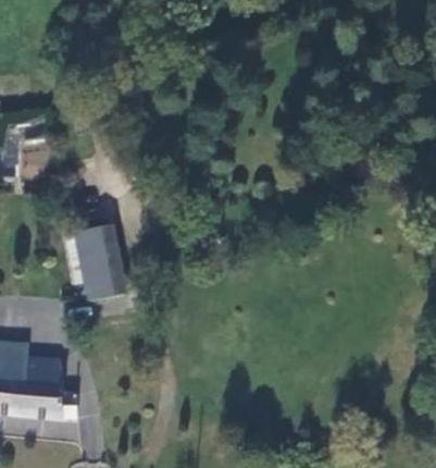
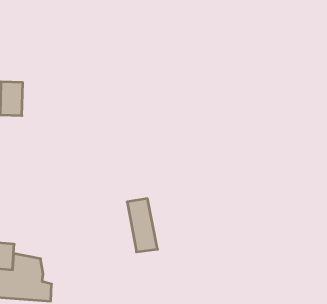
building: [70,226,109,295] -> [127,199,158,252]

